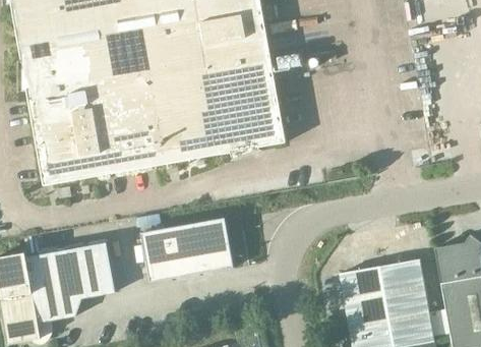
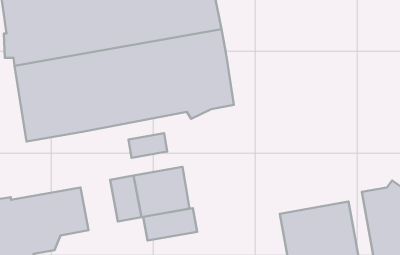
building: none -> [128,133,167,158]
building: none -> [143,208,197,241]

